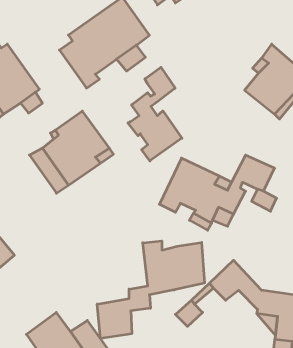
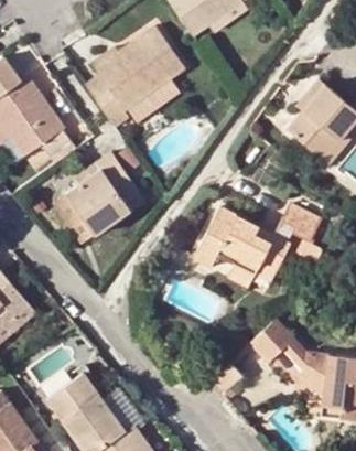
building: [128,67,182,161] -> none
building: [97,241,204,339] -> none

